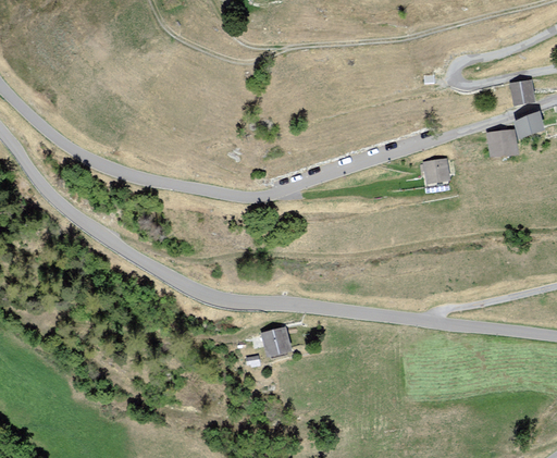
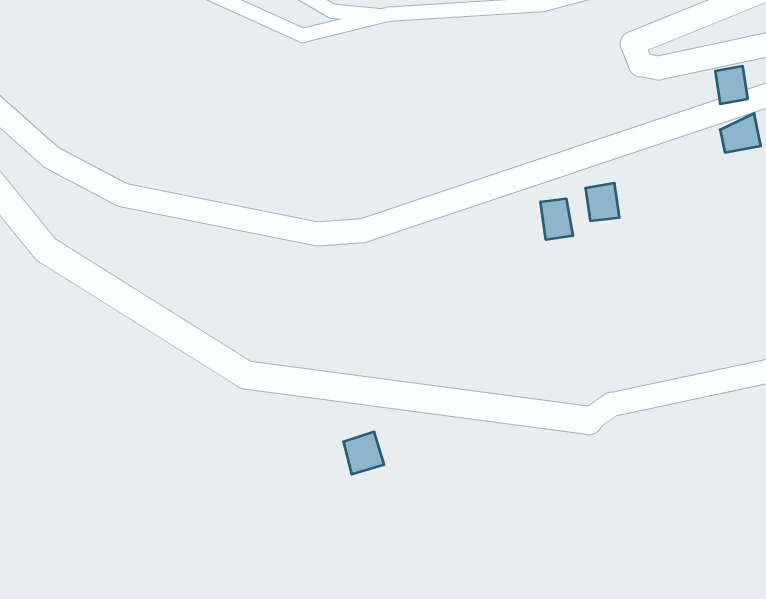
building: [487,131,516,158] -> none
building: none -> [541,199,573,240]

